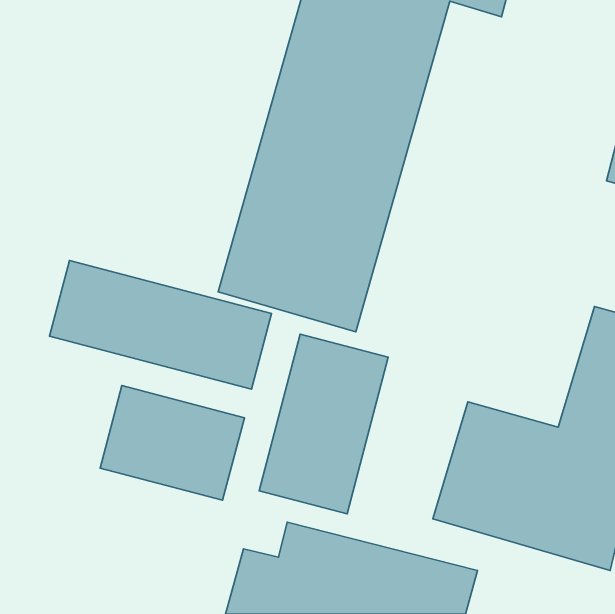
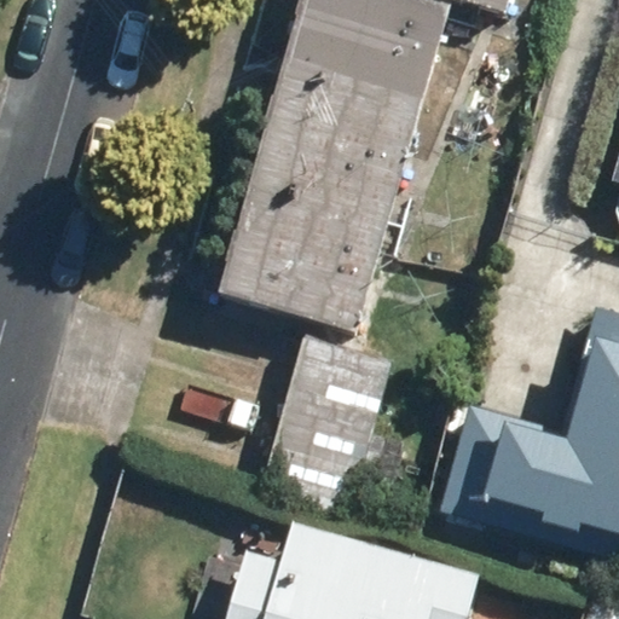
building: [50,261,272,389] -> none
building: [100,386,244,500] -> none

